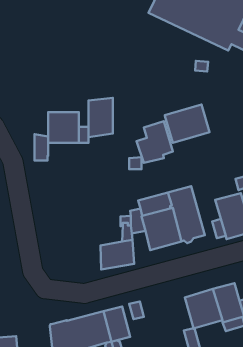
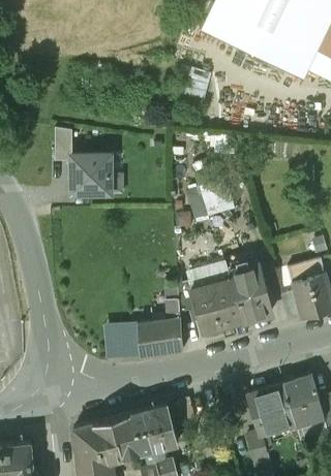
building: [88,98,113,137] -> none
building: [165,104,209,143] -> none
building: [35,134,48,161] -> [55,127,72,161]
building: none -> [107,326,140,359]

